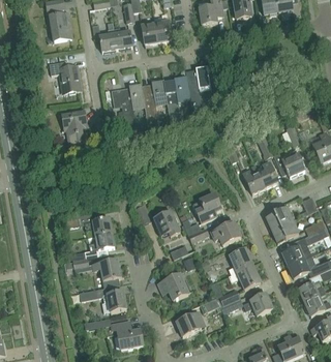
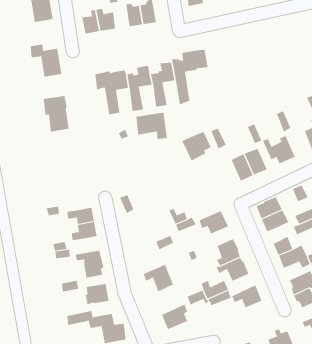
building: none -> [136,112,168,140]
building: [192,193,221,222] -> [181,131,211,161]
building: [154,211,180,236] -> none

